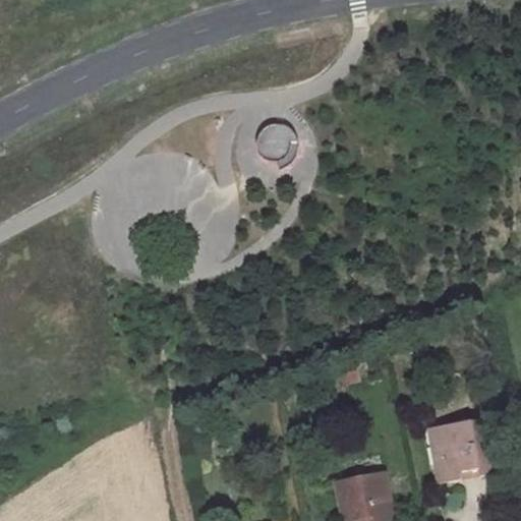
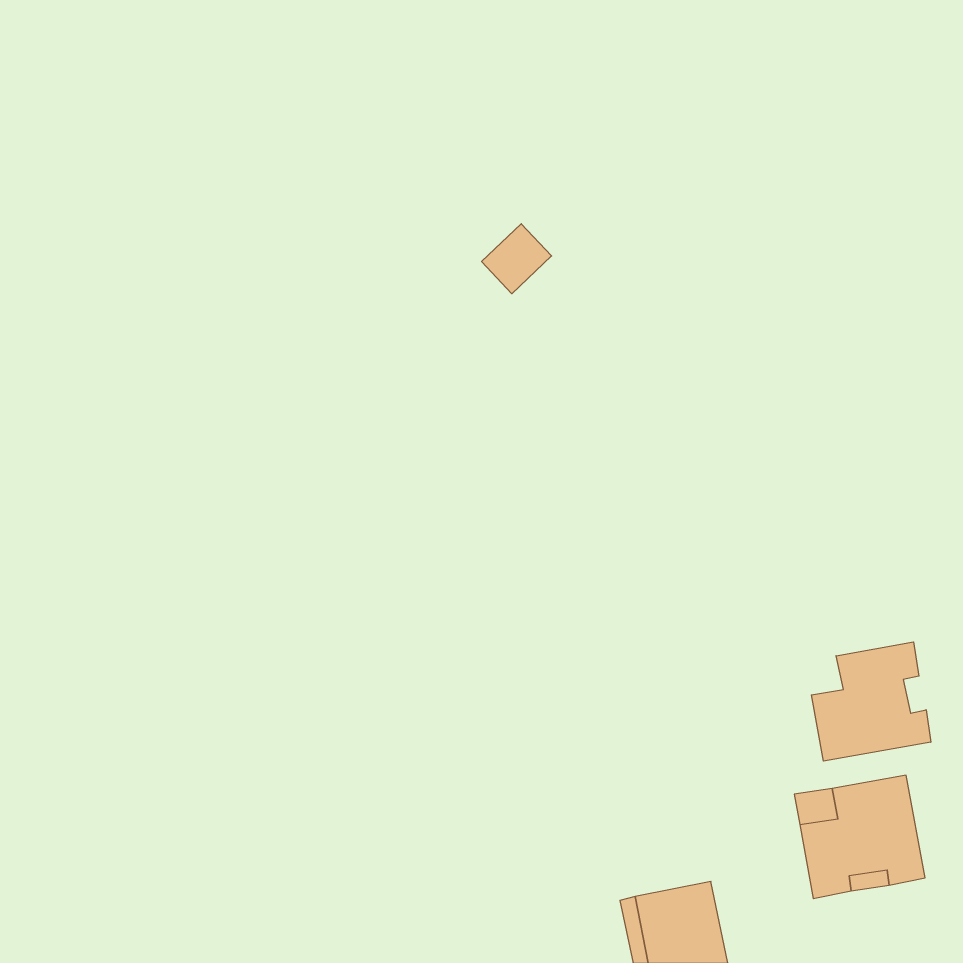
building: none -> [811,642,931,761]

